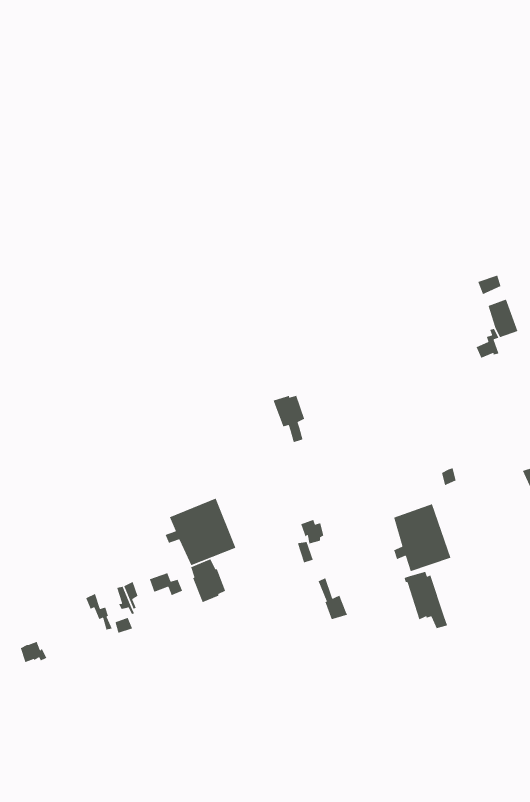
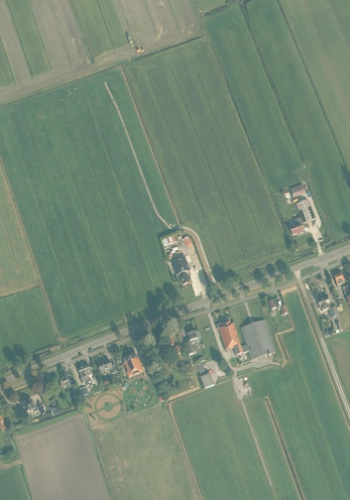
building: [165,498,236,566] -> none
building: [403,571,448,629] -> [216,320,242,354]

